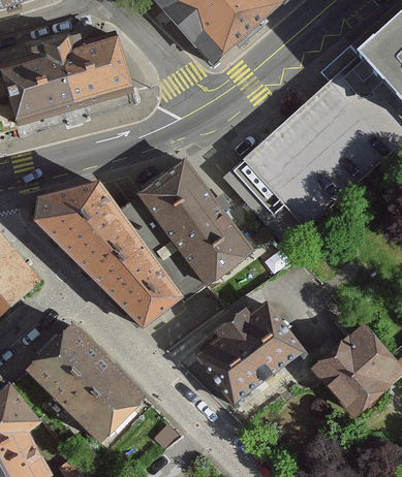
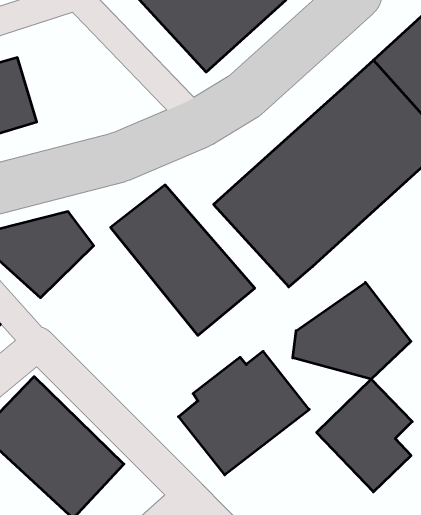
building: [55,33,129,105] -> none
building: [74,211,184,325] -> none
building: none -> [293,282,411,379]

